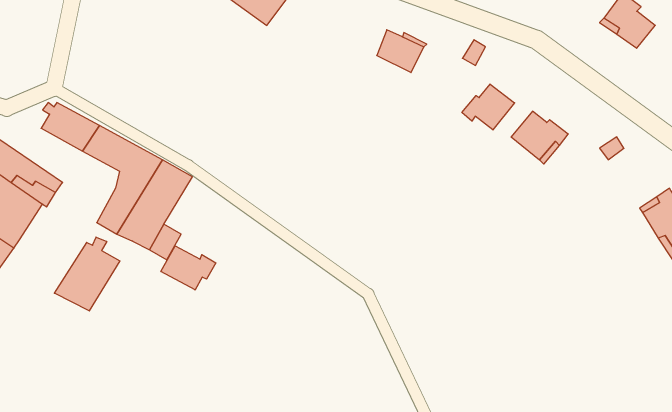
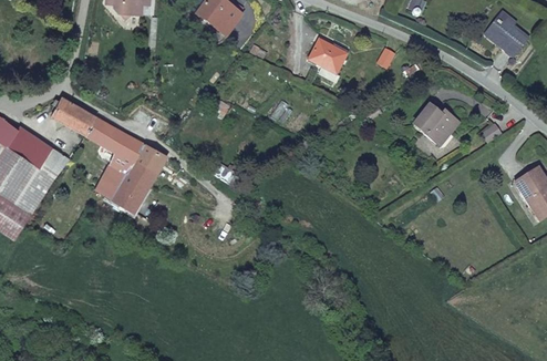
building: [462,84,515,130] -> none
building: [54,237,120,311] -> none
building: [161,246,216,290] -> none

